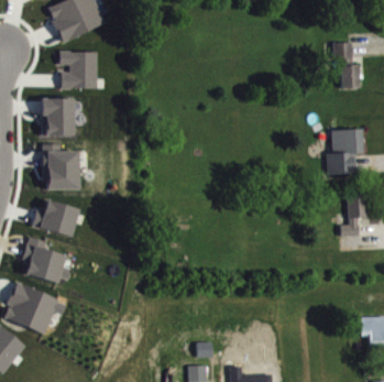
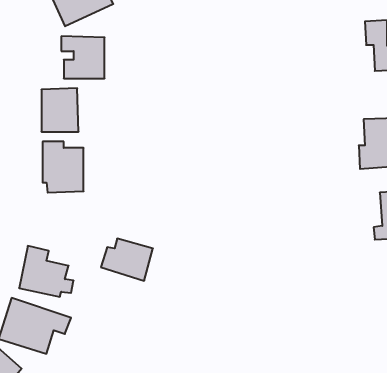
building: [34,201,80,239] -> [101,239,153,281]

